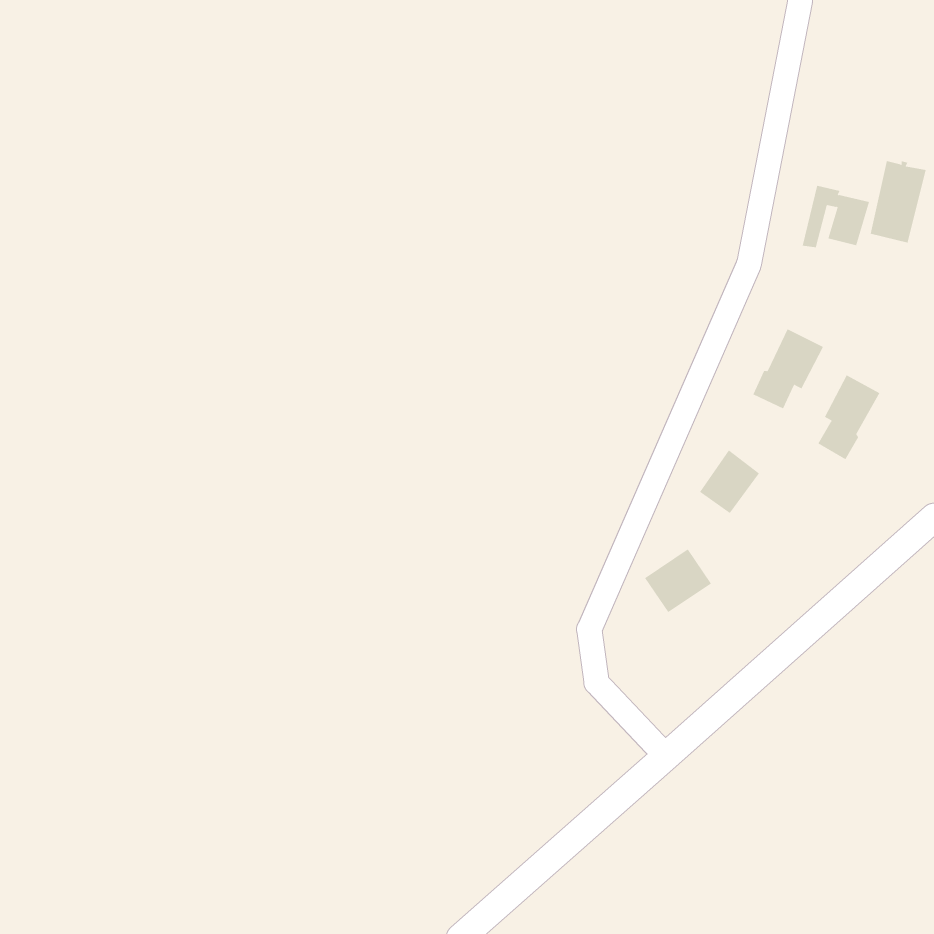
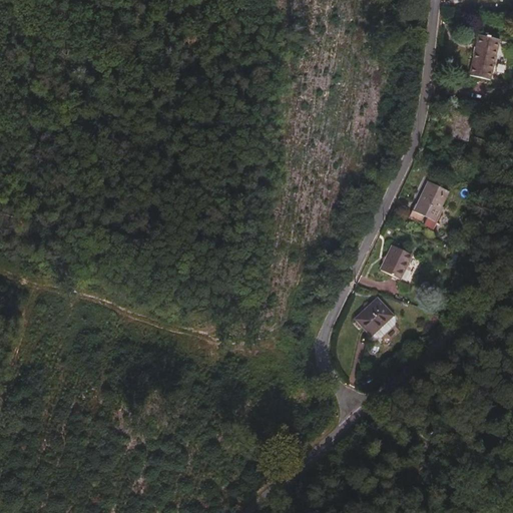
building: [870,161,927,243] -> [469,32,500,77]
building: [818,374,880,460] -> none

